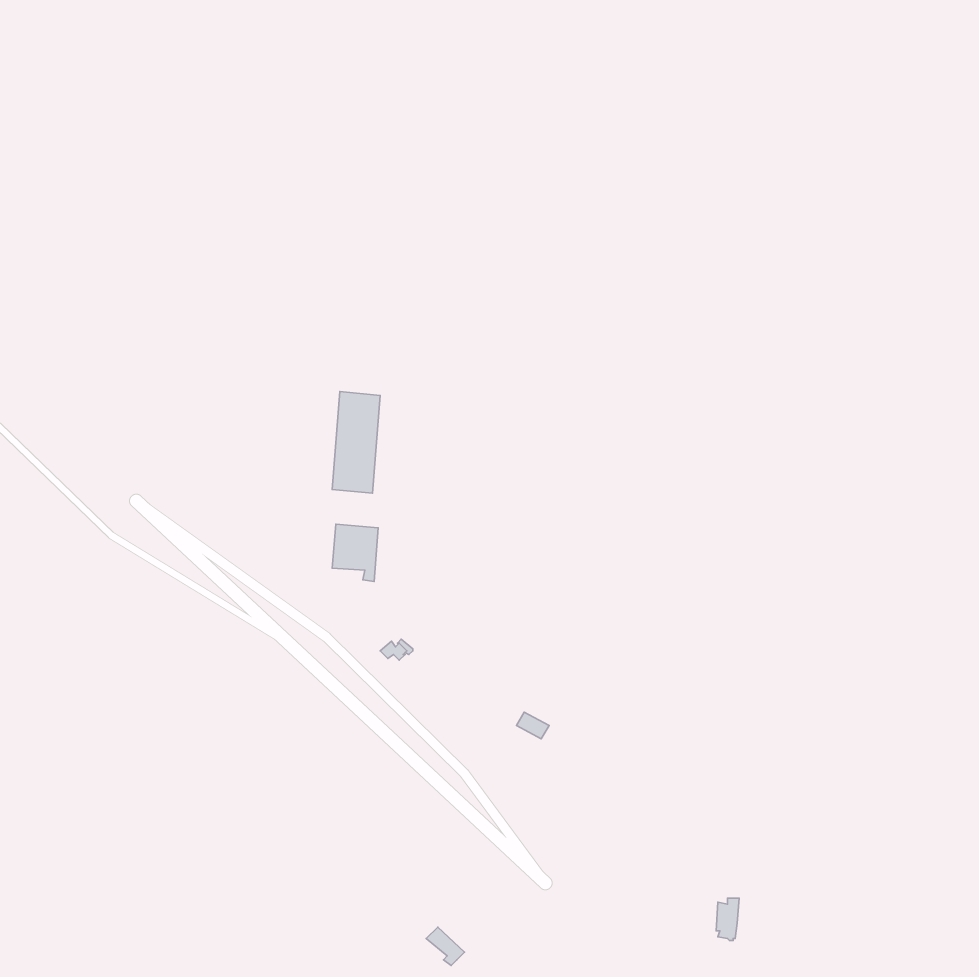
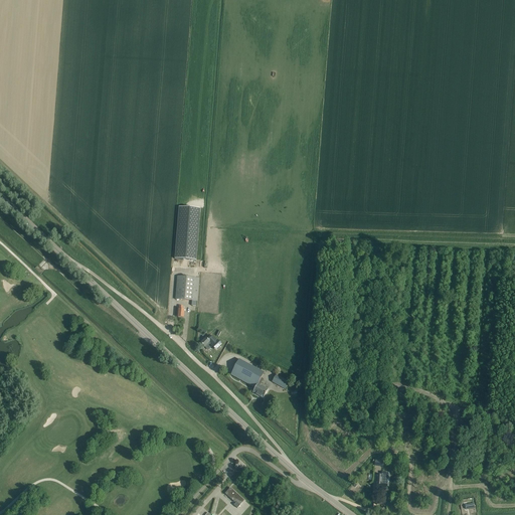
building: none -> [229,357,267,397]

